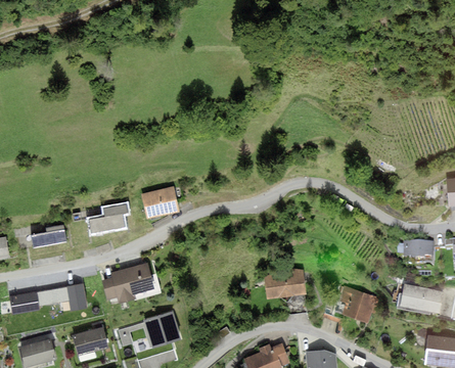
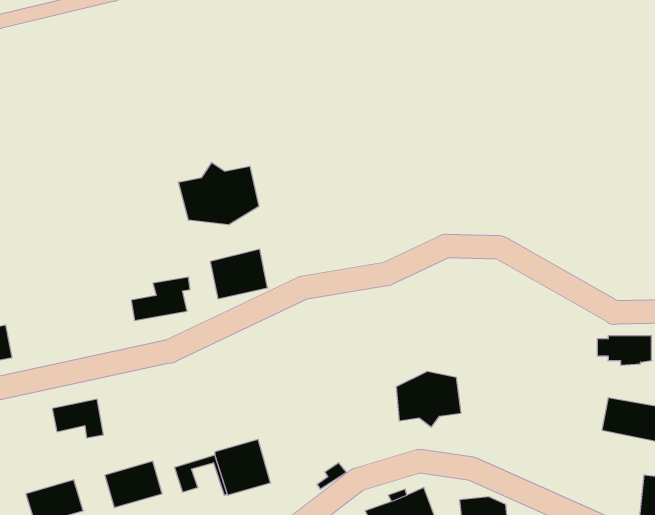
building: none -> [178,163,259,225]
building: [31,225,66,248] -> none
building: [101,263,160,303] -> none
building: [66,282,88,310] -> none
building: [339,287,376,322] -> none
building: [9,291,40,314] -> none

